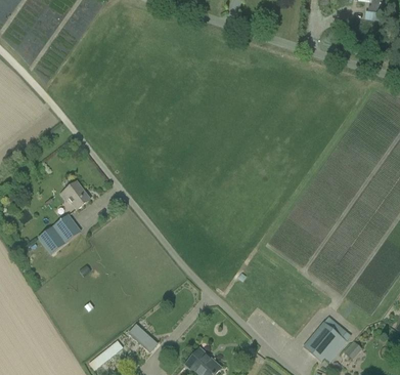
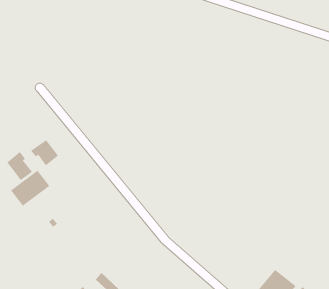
building: none -> [7,151,33,181]

